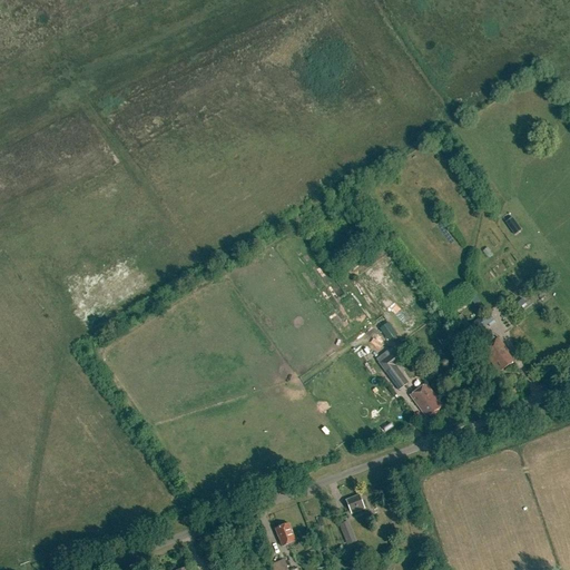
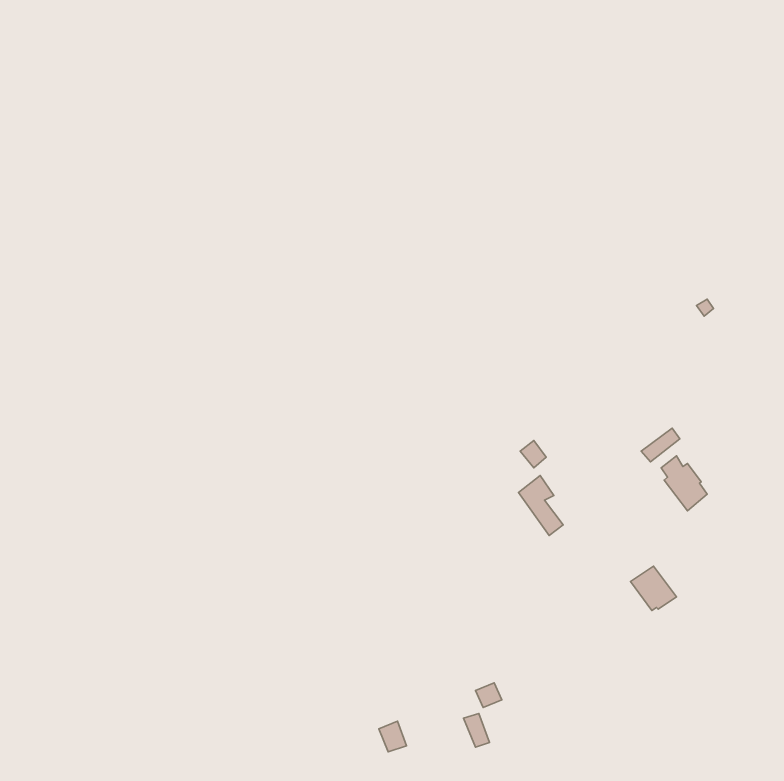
building: [410,382,443,414] -> [630,566,676,611]

